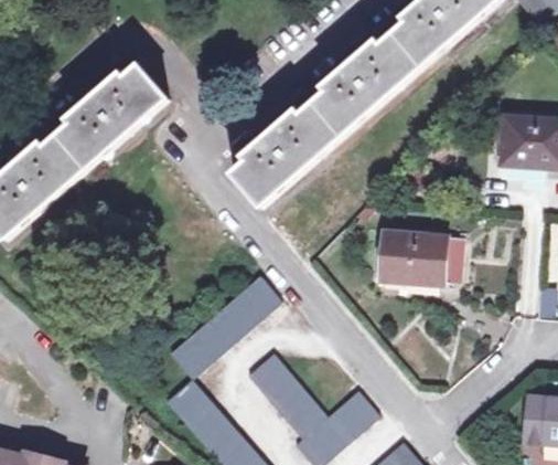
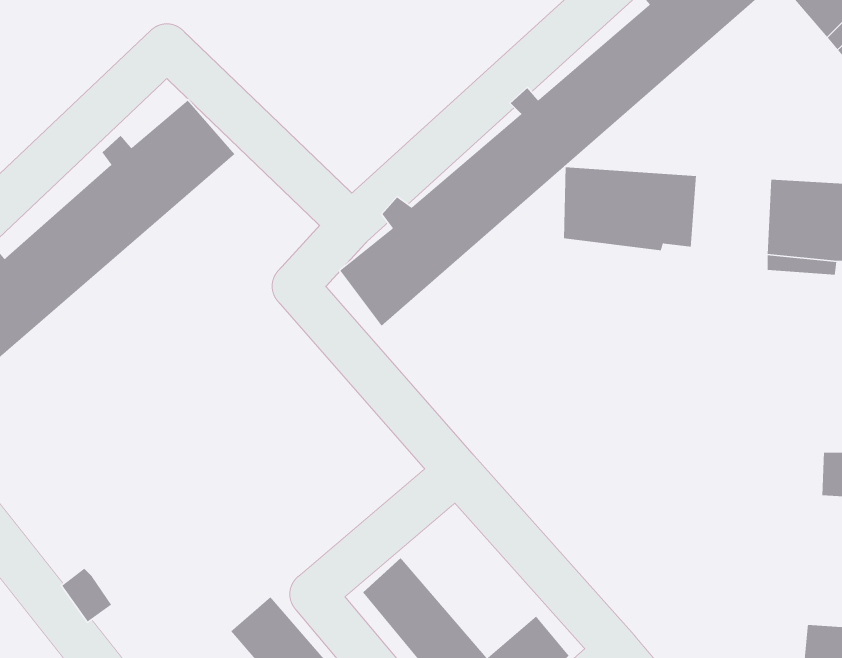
building: [380,232,464,285] -> [563,167,697,251]
building: [170,275,279,377] -> none

